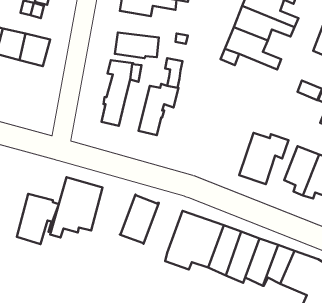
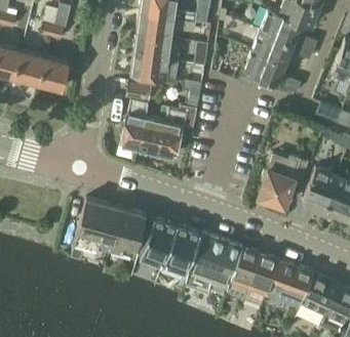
building: none -> [137,33,180,59]
building: none -> [138,106,168,153]
building: [17,194,59,244] -> [110,209,152,259]
building: none -> [162,224,201,272]

